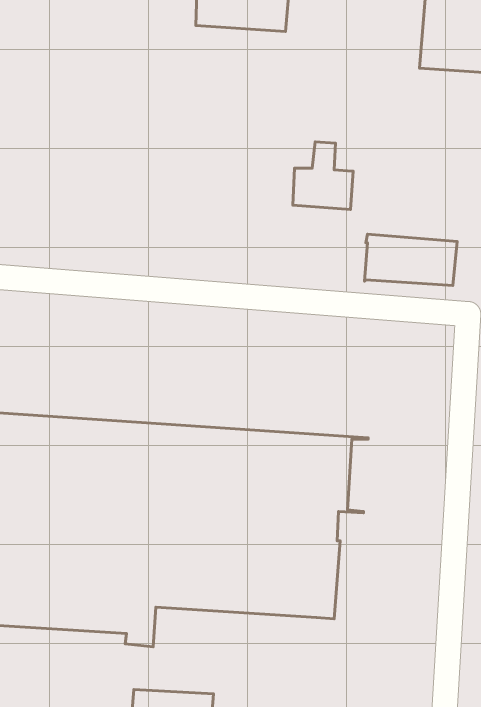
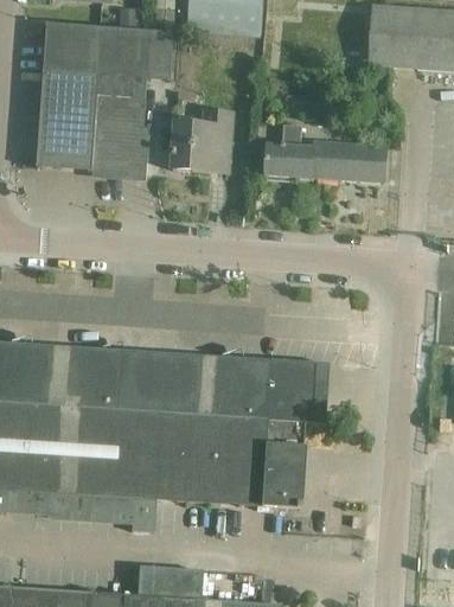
building: none -> [38,23,174,173]
building: none -> [173,109,232,171]
building: [364,234,457,286] -> [313,140,388,181]

